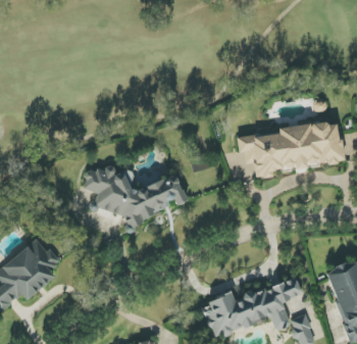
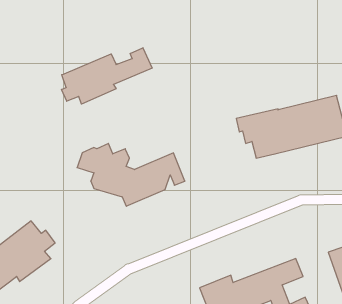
building: none -> [62,48,152,104]

